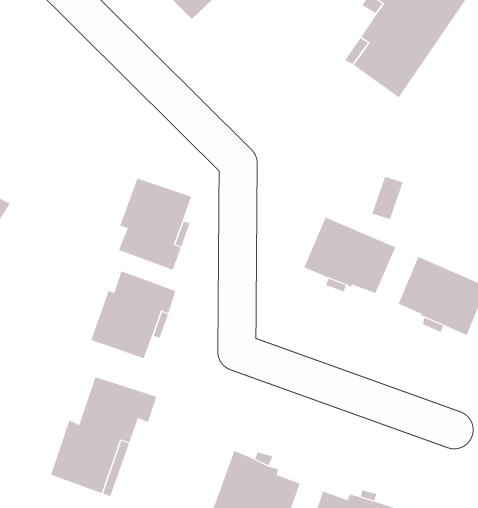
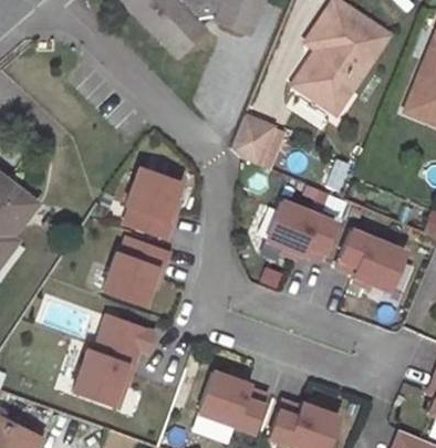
building: none -> [237,108,279,157]

